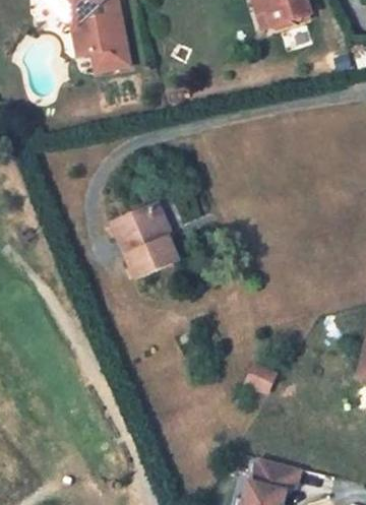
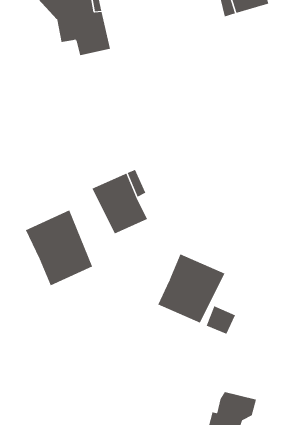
building: none -> [25,210,93,286]
building: none -> [157,253,225,323]

